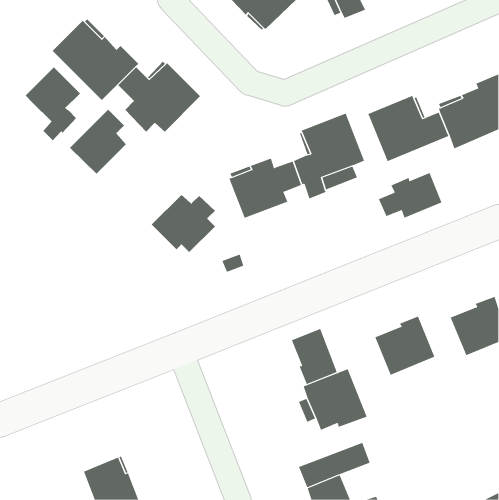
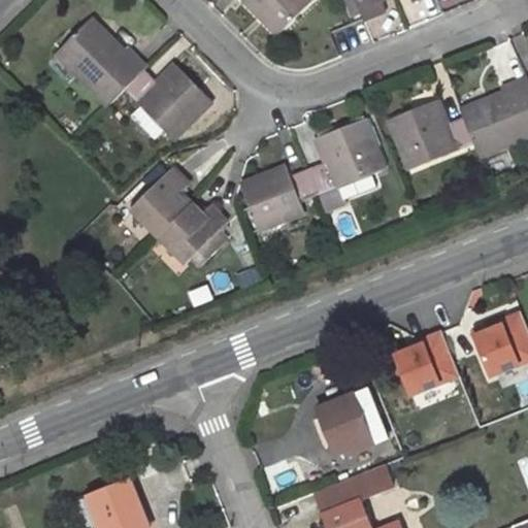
building: [25,66,81,141] -> none
building: [69,109,127,174] -> [130,167,191,236]
building: [378,172,442,218] -> none
building: [291,328,338,385] -> none

